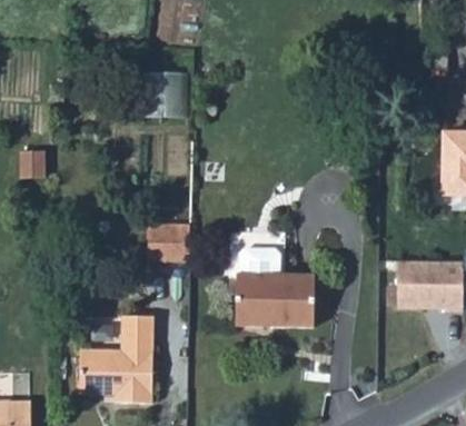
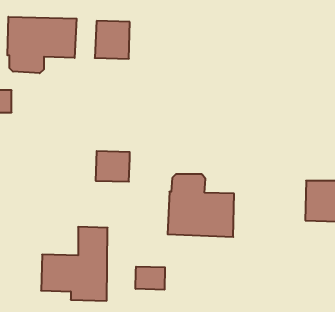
building: none -> [7,17,77,73]
building: none -> [136,267,165,290]

